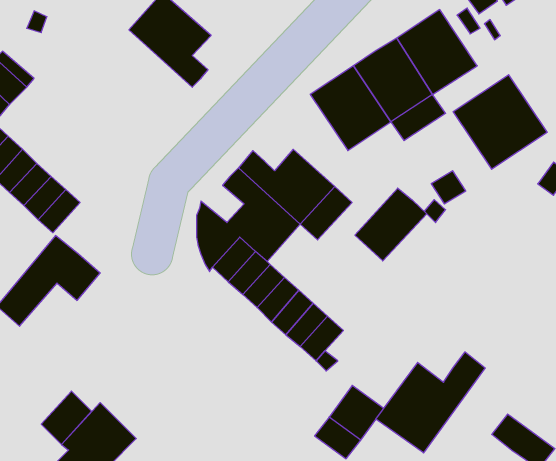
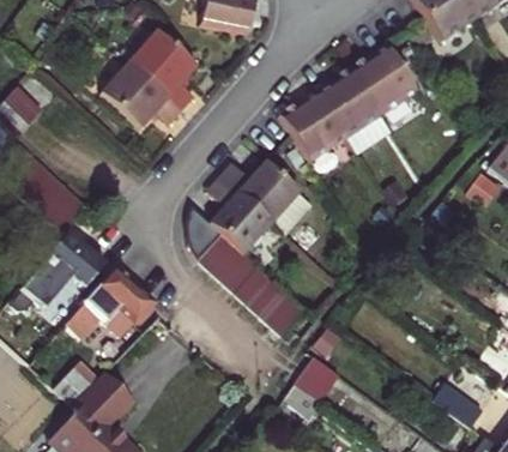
building: none -> [101,61,182,128]
building: [453,75,547,169] -> none
building: [355,188,427,261] -> none
building: none -> [67,270,155,337]
building: [376,352,485,453] -> none

